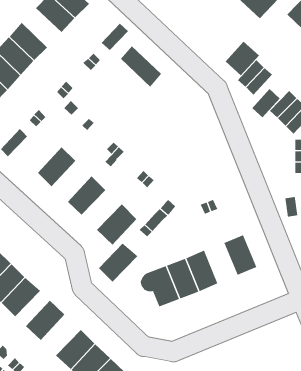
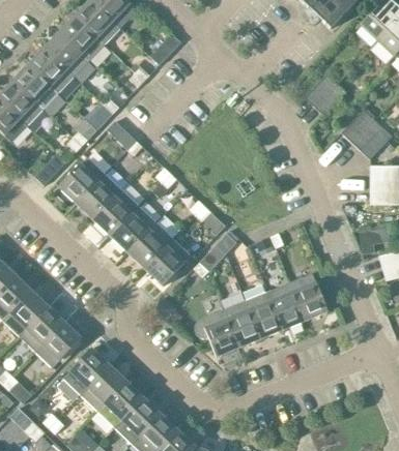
building: none -> [59,16,105,60]
building: [225,41,260,76] -> none
building: [120,45,162,87] -> none
building: [251,88,281,118] -> none
building: none -> [58,156,105,203]
building: none -> [93,189,139,236]
building: [98,243,138,283] -> [127,222,173,268]
building: none -> [267,282,305,329]
building: none -> [81,364,126,411]

